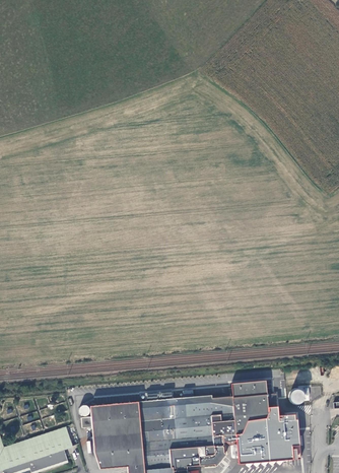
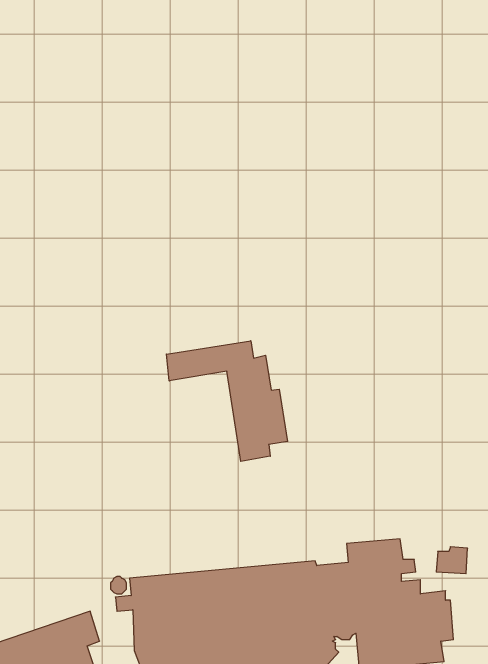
building: none -> [166,341,288,461]

